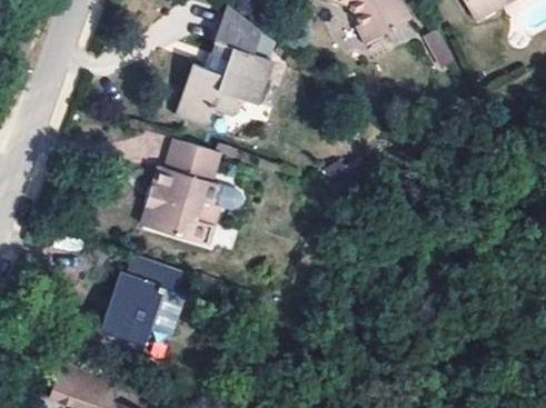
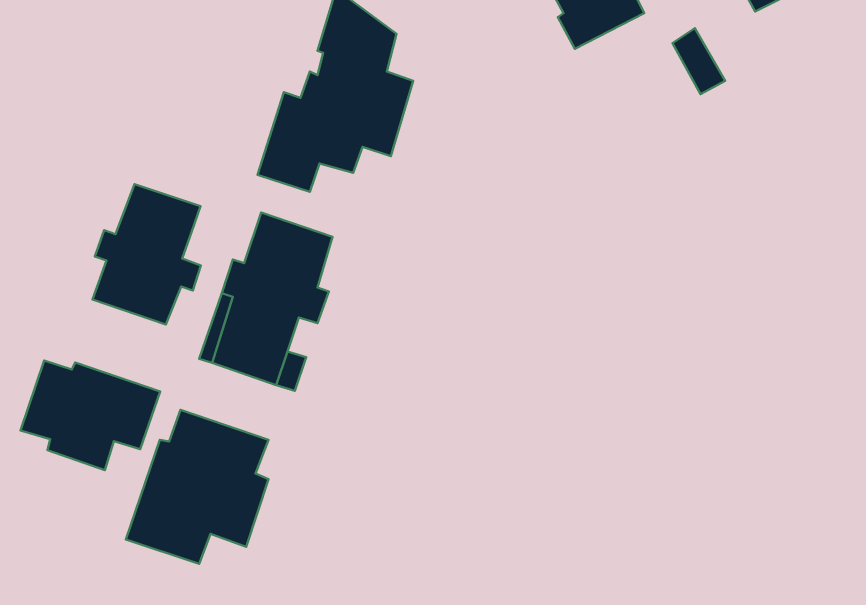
building: none -> [93,184,201,325]
building: none -> [21,360,160,470]

